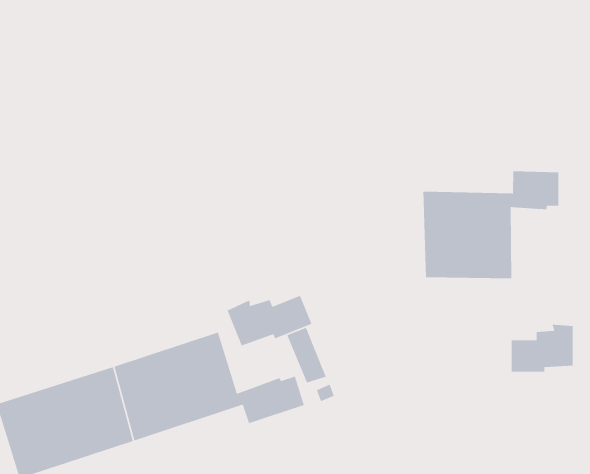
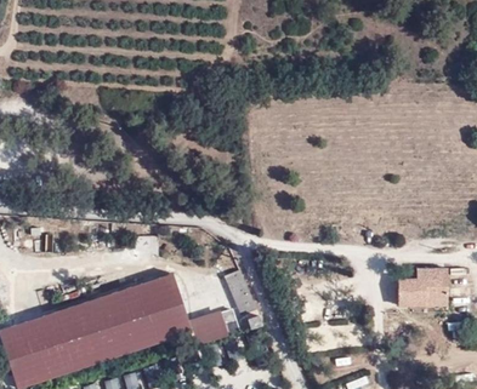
building: [423,171,559,279] -> none
building: [227,295,312,346] -> none

